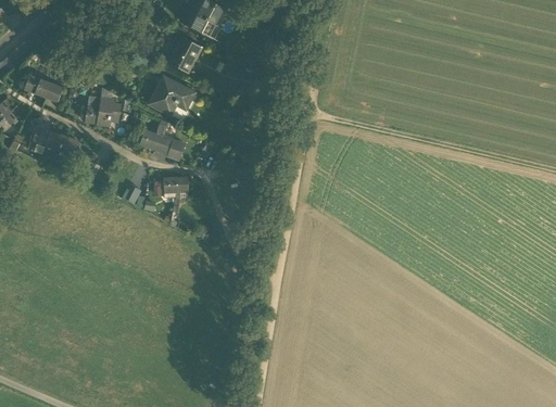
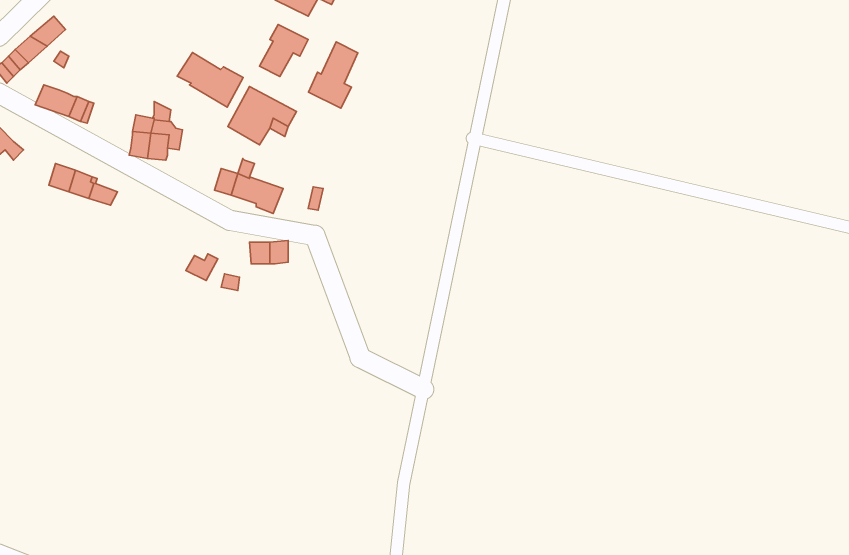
building: none -> [308,42,358,108]
building: none -> [177,52,243,107]

